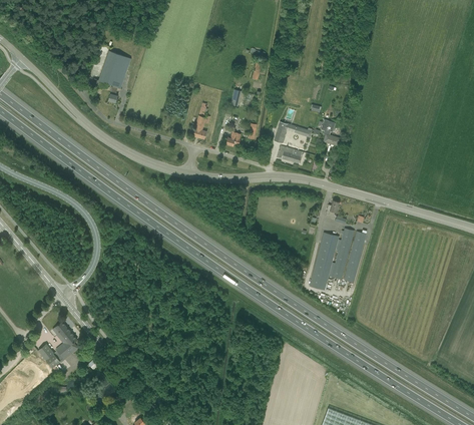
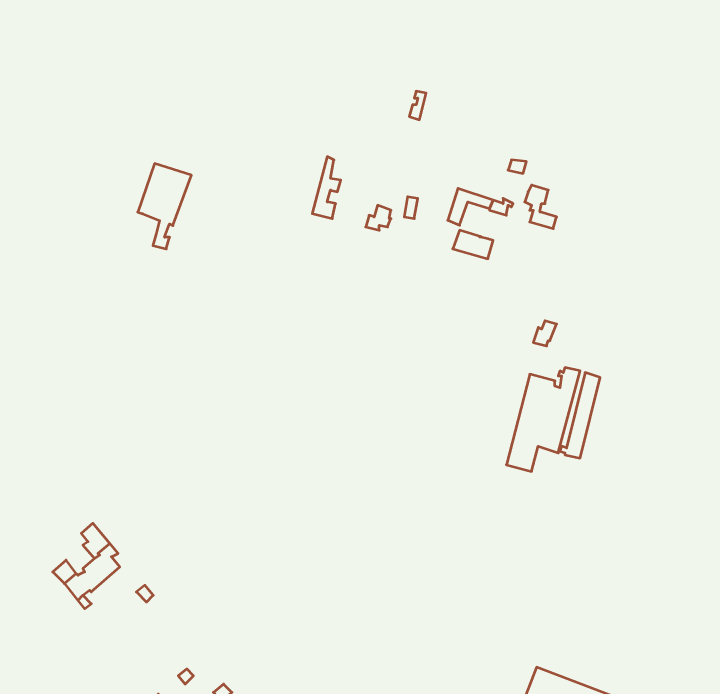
building: [99,51,131,102] -> [138,164,191,249]

